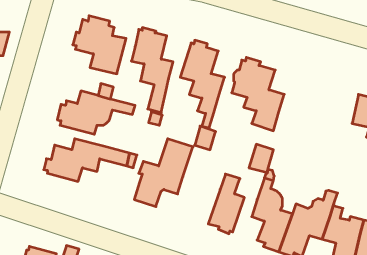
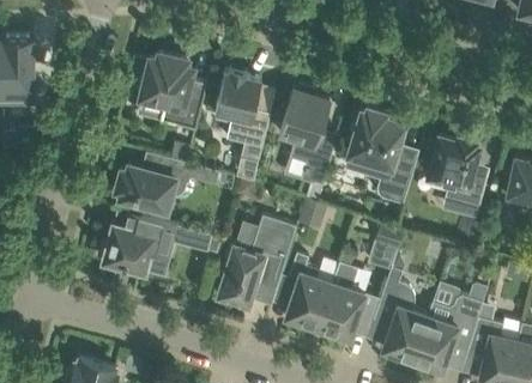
building: none -> [428,136,484,219]
building: none -> [284,254,332,329]

